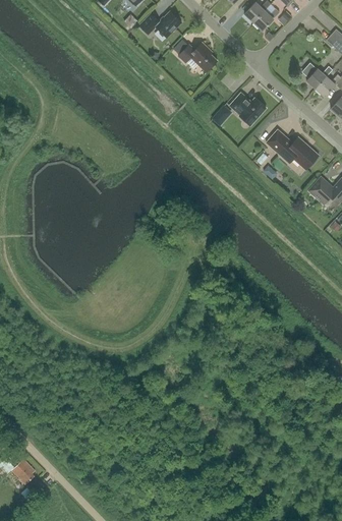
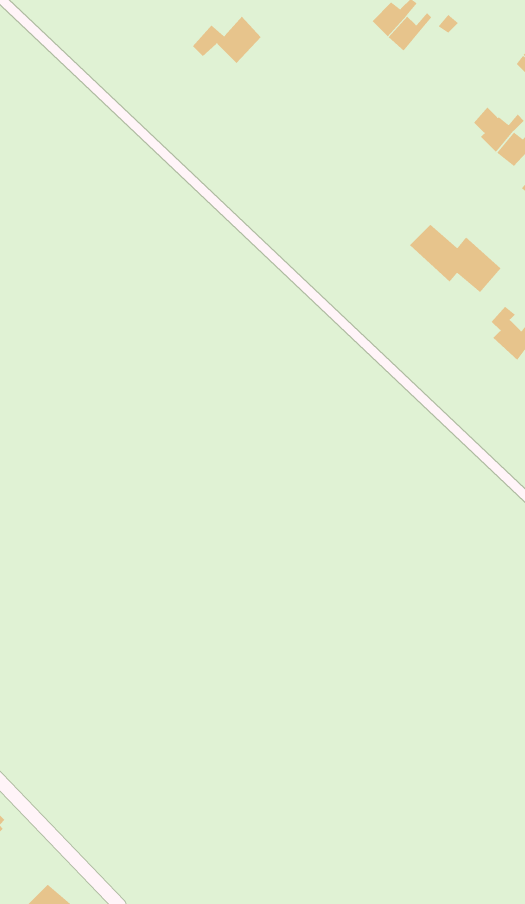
building: [177,42,217,72] -> none
building: [228,92,266,125] -> none

